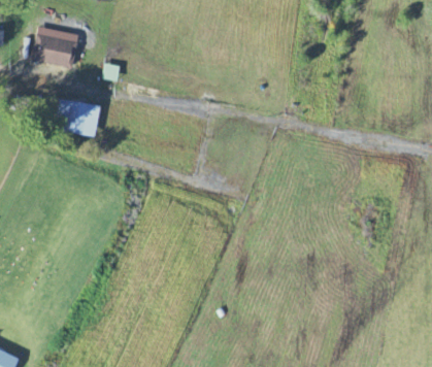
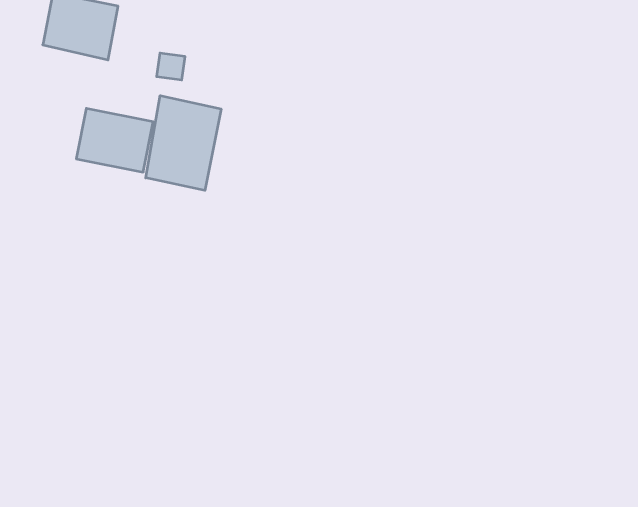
building: none -> [146,96,221,190]

